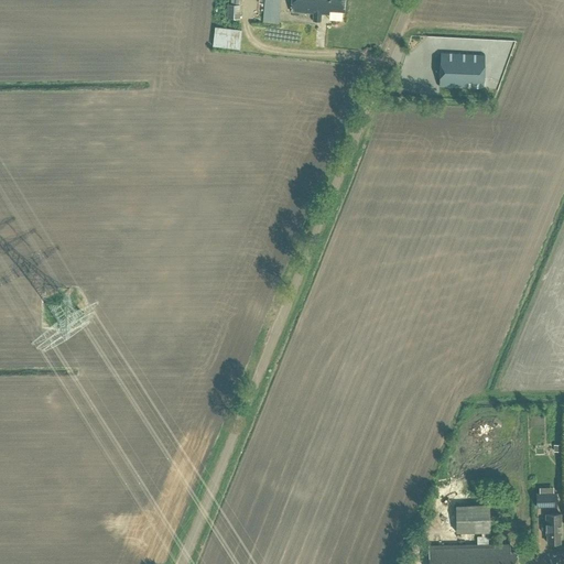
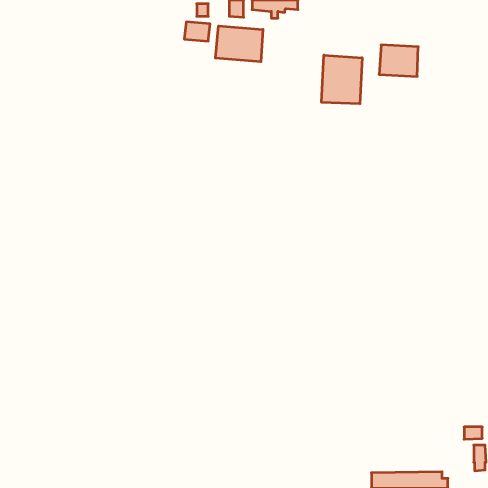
building: none -> [215,26,263,62]
building: none -> [322,55,362,104]
building: [457,502,491,531] -> none

